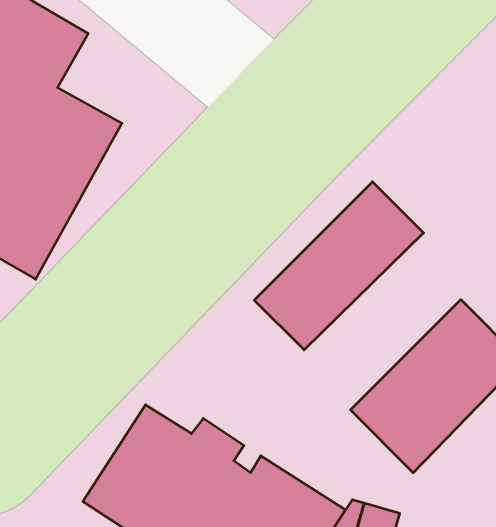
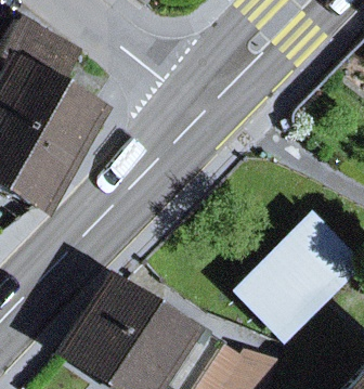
building: [254,182,424,350] -> none

